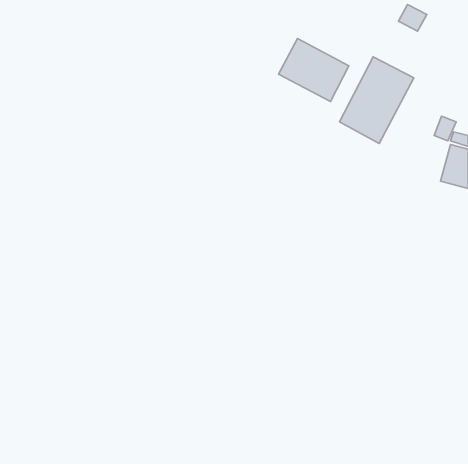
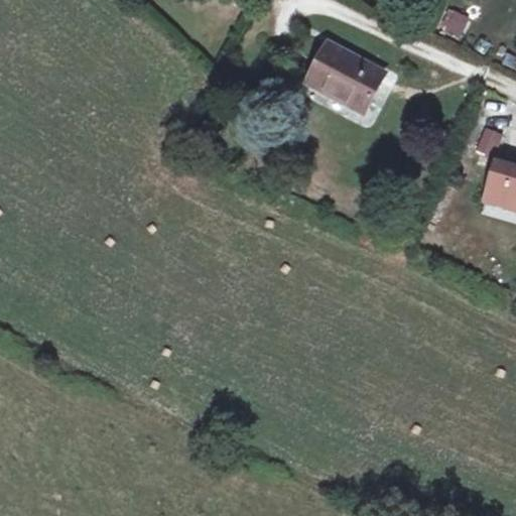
building: [340,57,414,143] -> none

